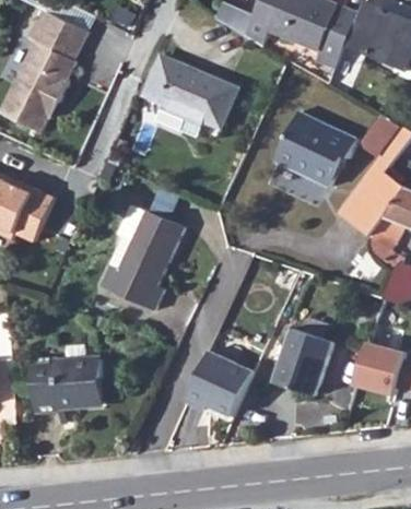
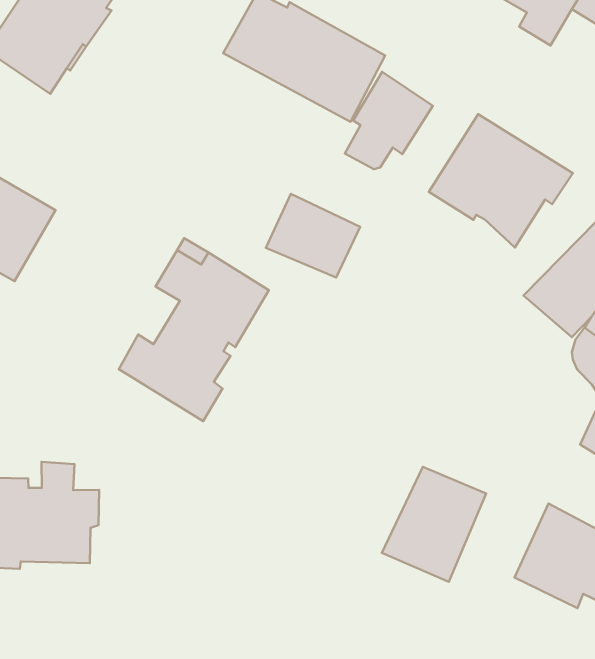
building: none -> [345,72,433,169]
building: none -> [266,194,360,277]
building: [190,343,258,410] -> none

